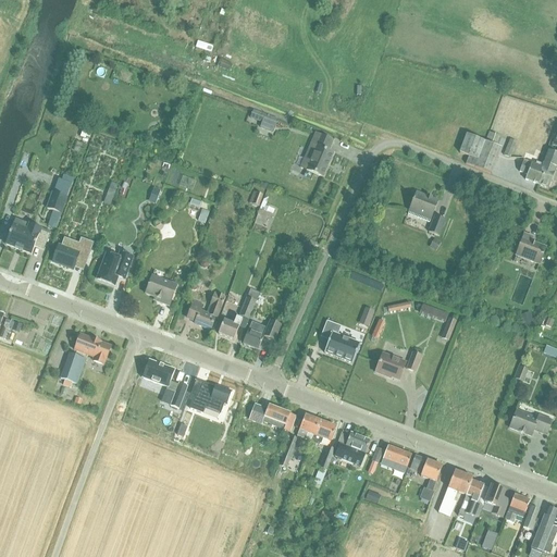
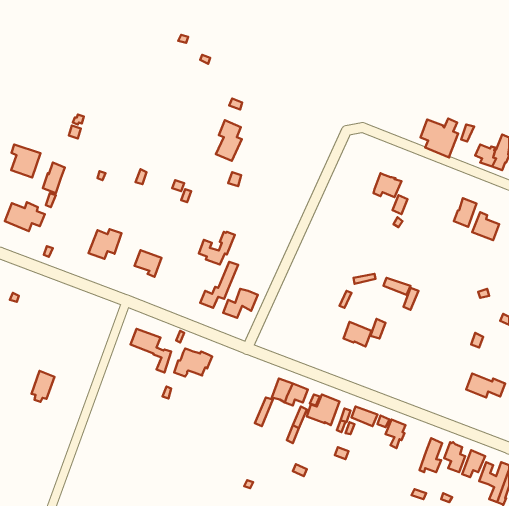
building: [306,131,334,175] -> [216,120,242,161]
building: none -> [11,145,40,177]
building: none -> [454,198,476,227]
building: [52,236,94,268] -> none
building: [186,290,225,326] -> [199,232,235,265]
building: [321,319,360,361] -> none
building: [75,333,111,362] -> none
building: [60,351,85,385] -> [32,371,55,402]
building: [248,401,296,430] -> none
building: [438,469,473,515] -> none

